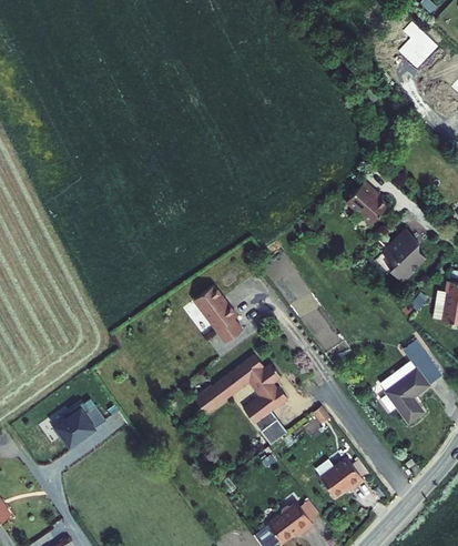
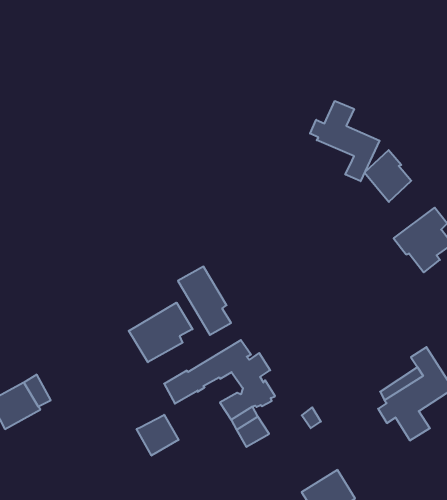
building: none -> [310,101,380,181]
building: none -> [129,303,193,362]
building: none -> [137,415,179,456]

